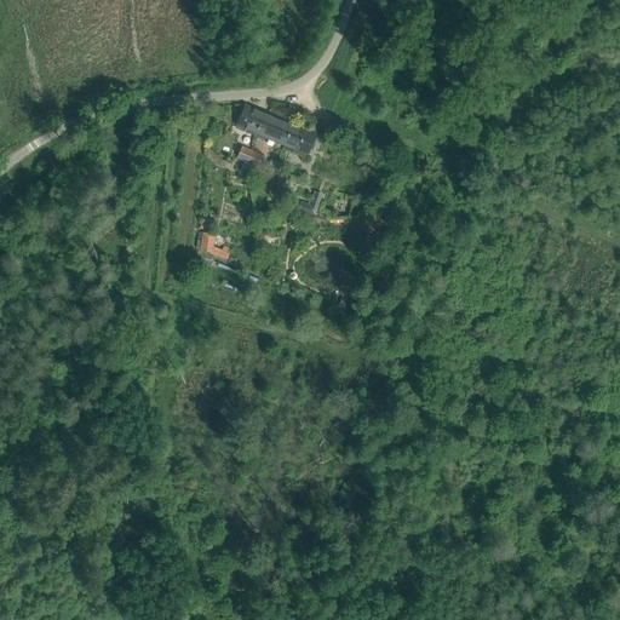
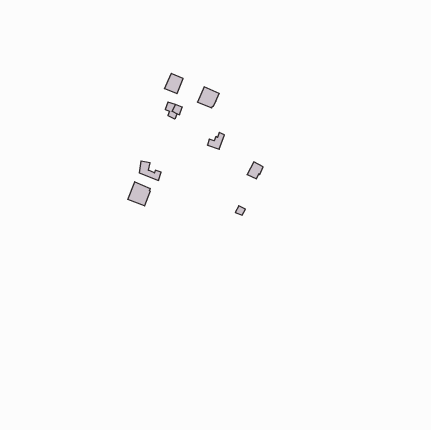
building: [254,113,293,147] -> none
building: none -> [128,182,150,206]

